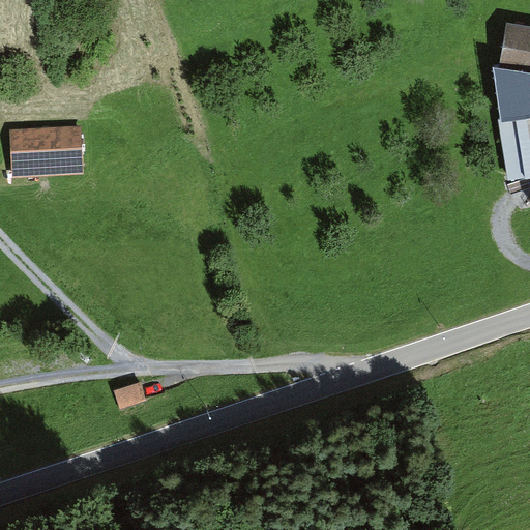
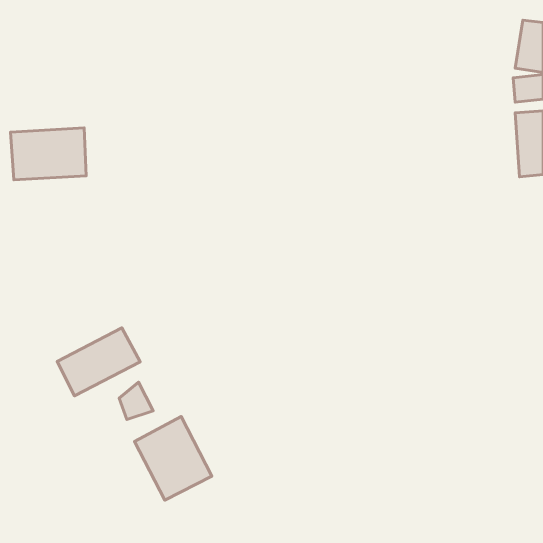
building: none -> [57,328,140,396]
building: none -> [134,417,212,500]

